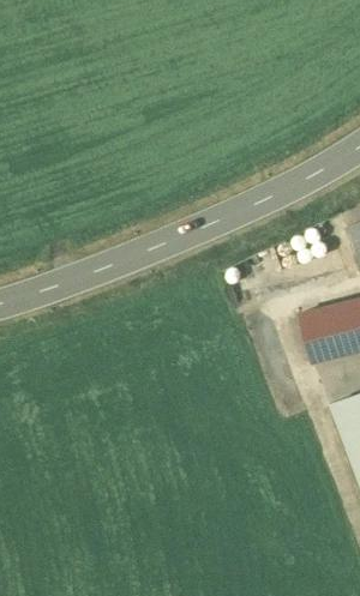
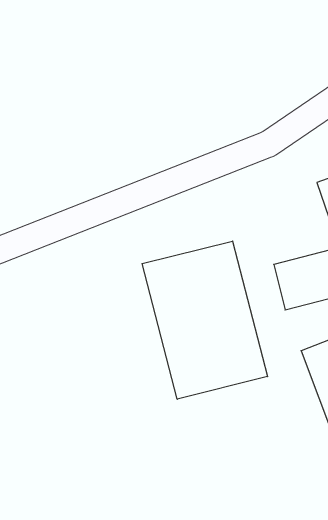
building: none -> [142,241,268,399]

